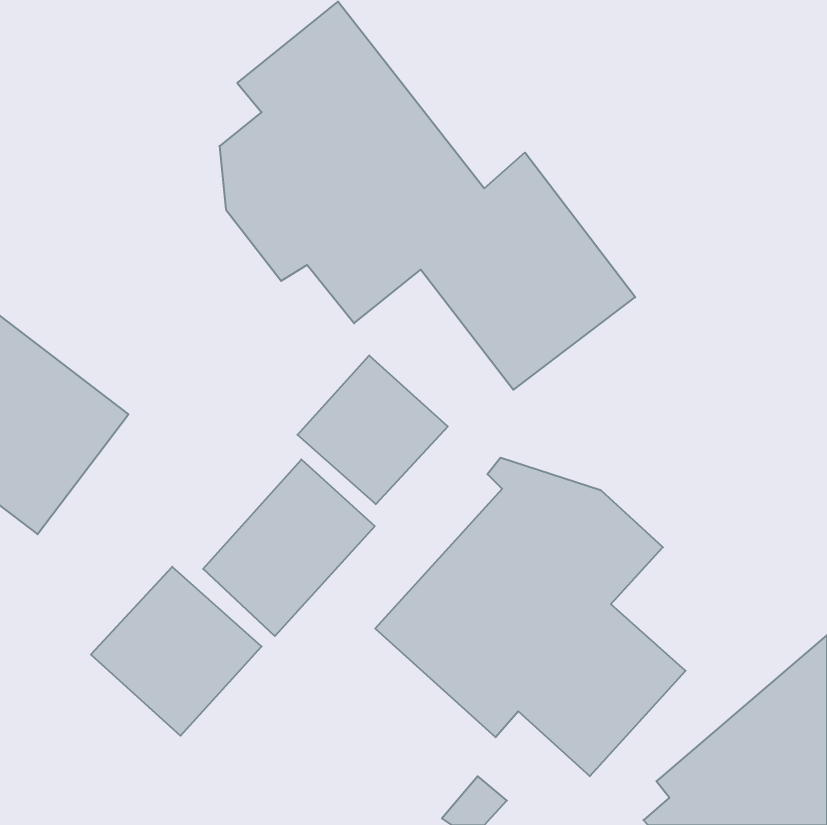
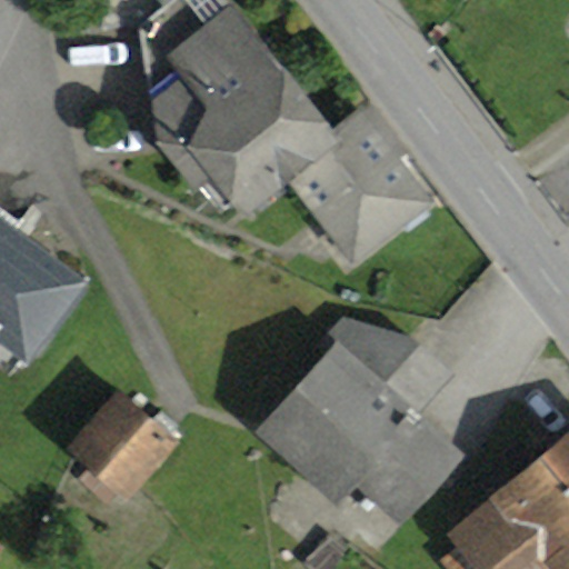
building: [297,355,448,504] -> none
building: [203,459,375,636] -> none

